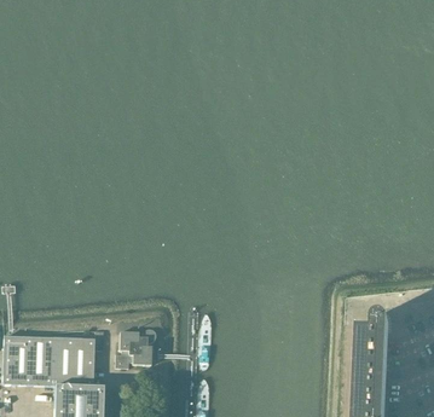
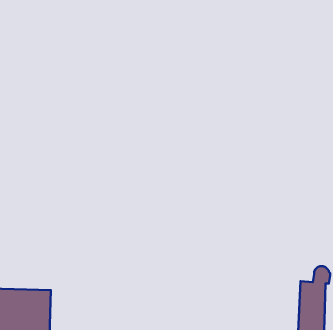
building: [115,326,156,366] -> none

